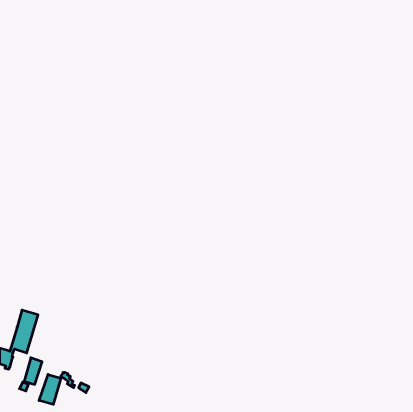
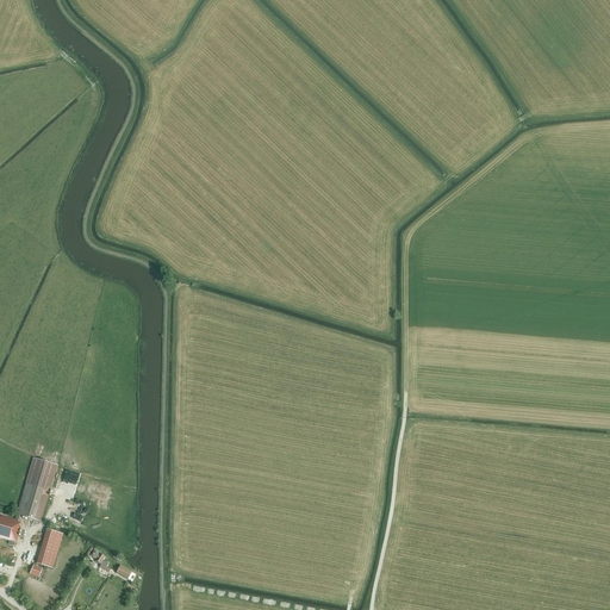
building: [39,374,61,404] -> none

